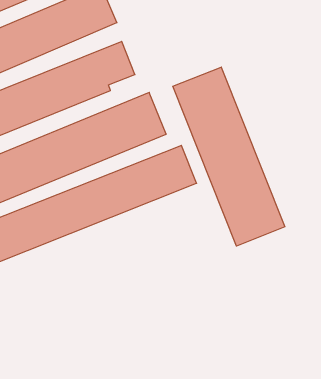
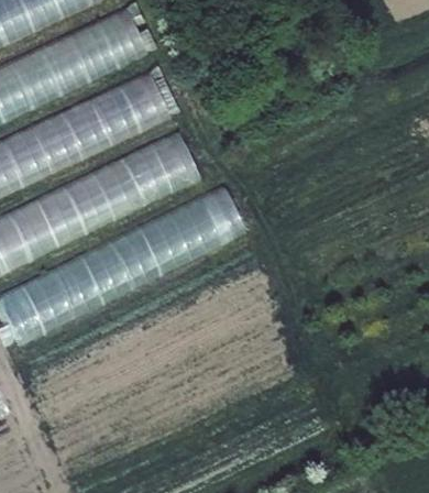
building: [173,67,285,246] -> none

